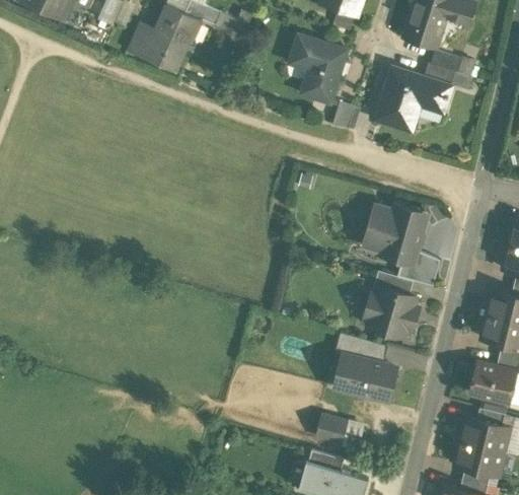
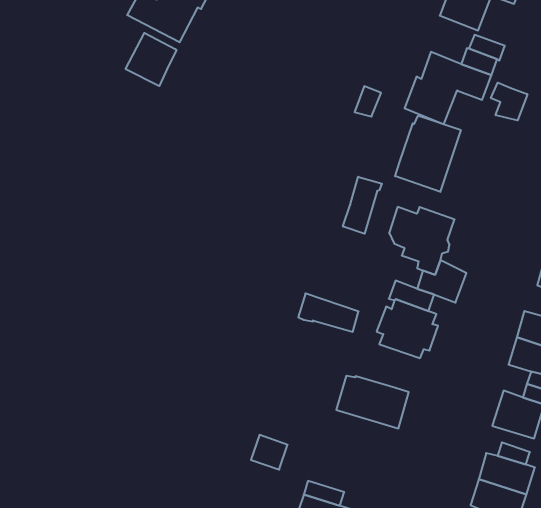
building: [291,33,349,102] -> none
building: none -> [126,33,176,86]
building: none -> [491,83,527,120]
building: none -> [395,116,461,192]
building: none -> [343,177,382,234]
building: [335,334,387,365] -> [298,293,359,332]
building: [315,416,347,445] -> [251,435,288,470]

